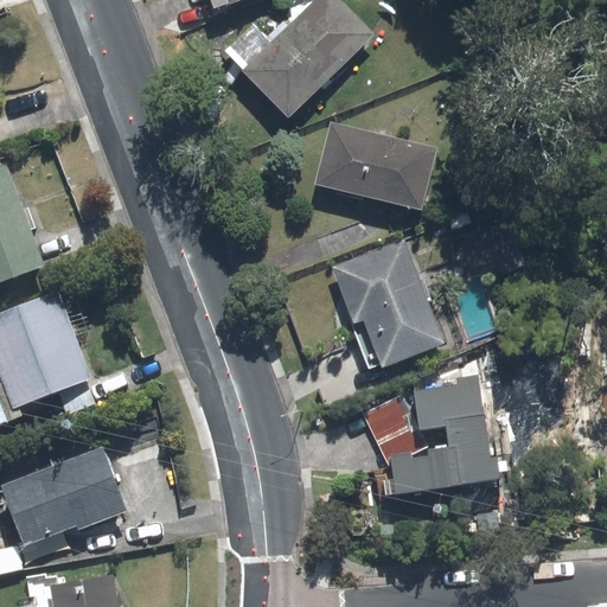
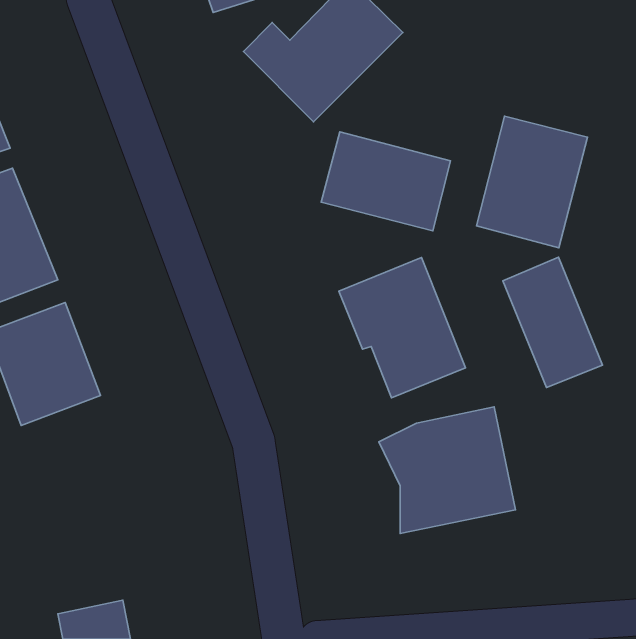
building: none -> [476,116,588,248]
building: none -> [503,257,603,388]
building: [9,439,135,541] -> none

